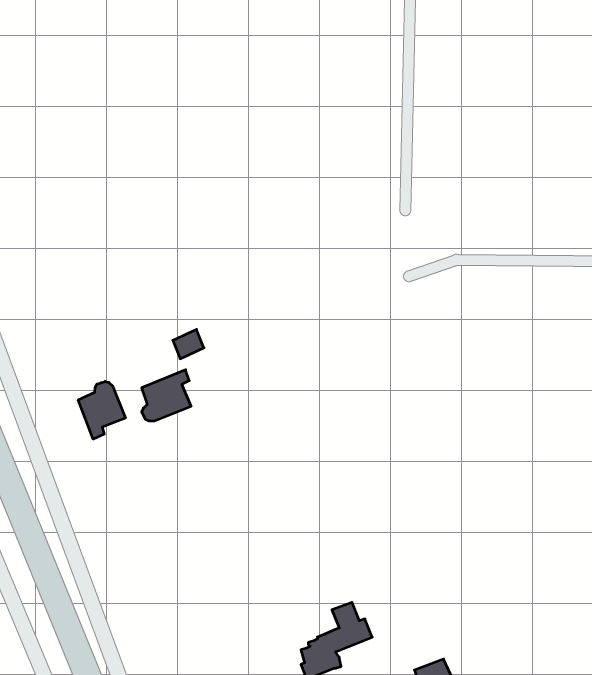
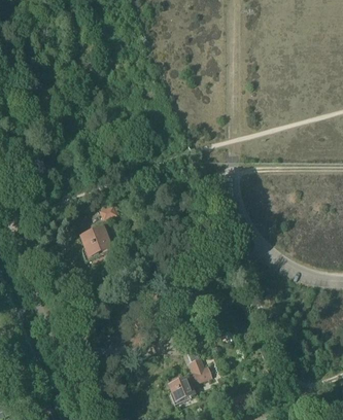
building: [78,381,125,439] -> none

